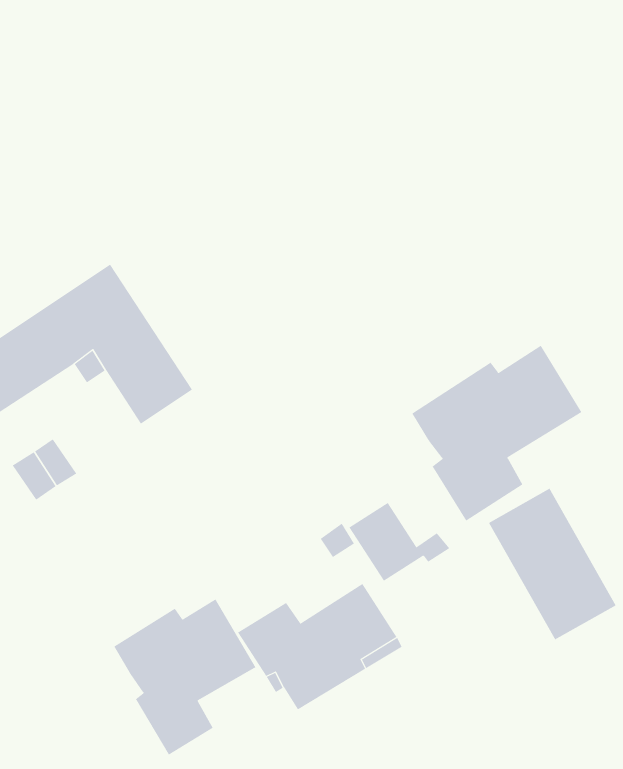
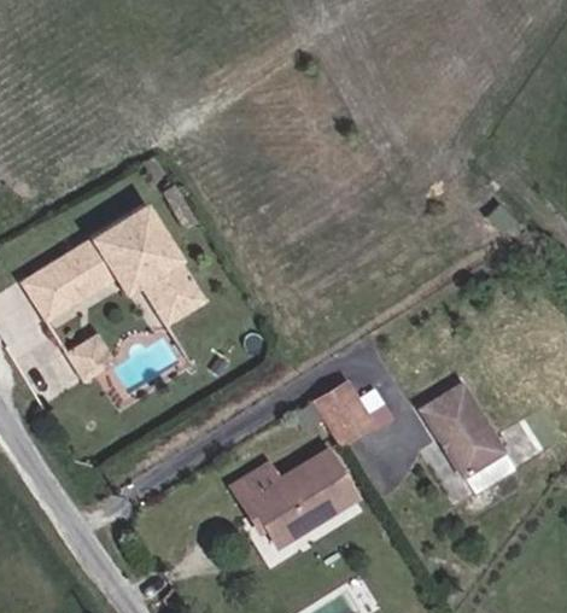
building: [412,345,582,522] -> none
building: [113,598,256,755] -> none

